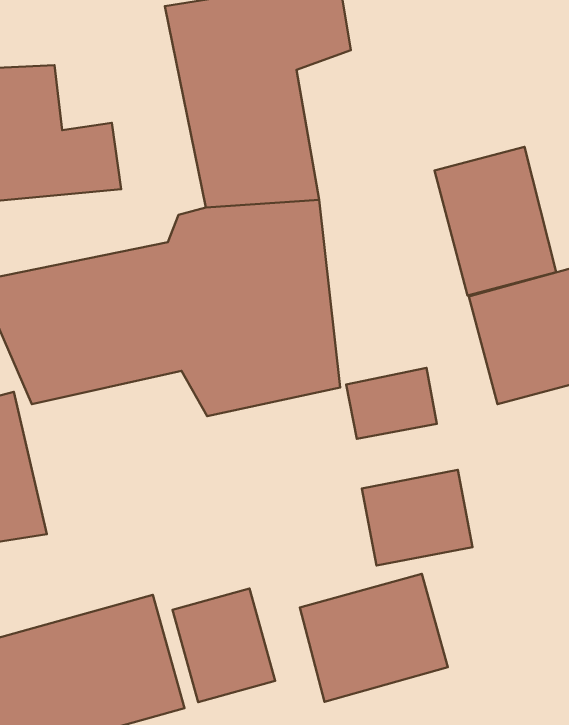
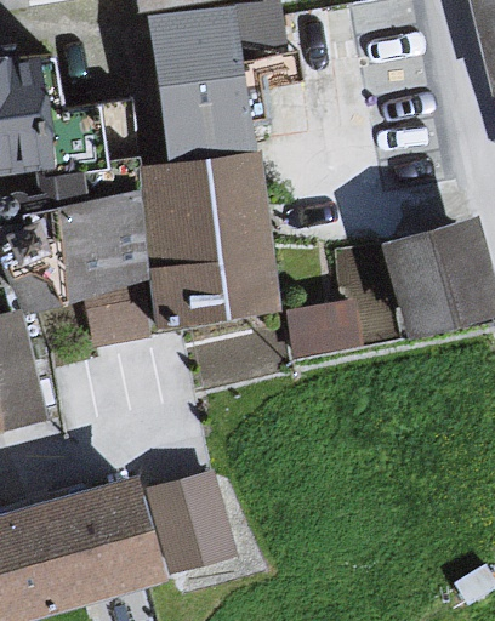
building: [435,147,556,295] -> none
building: [362,470,473,566] -> none
building: [300,574,448,702] -> none

